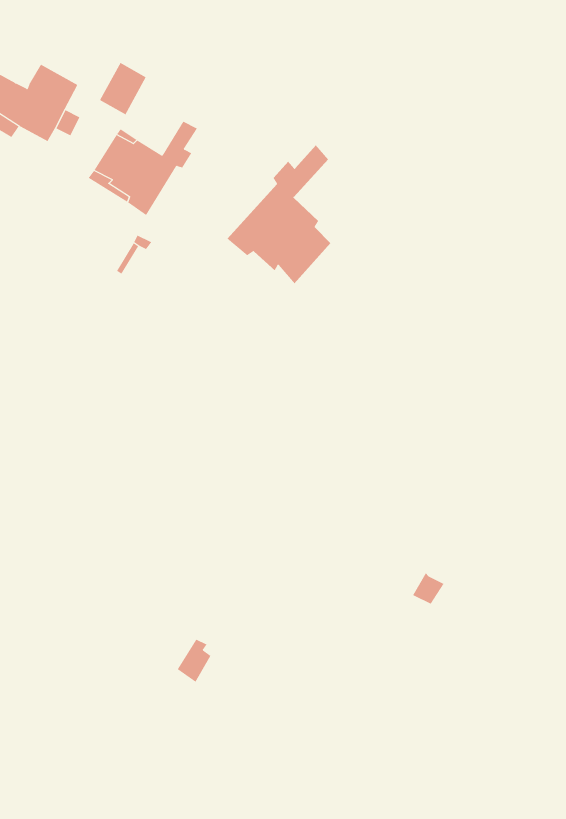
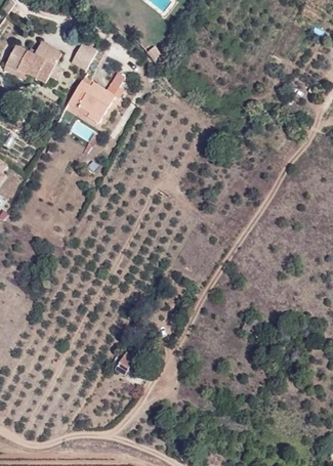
building: [226,145,331,284] -> none

